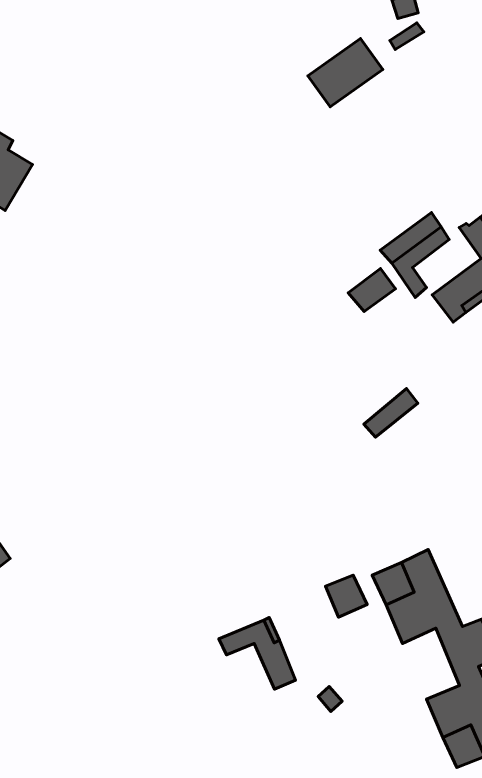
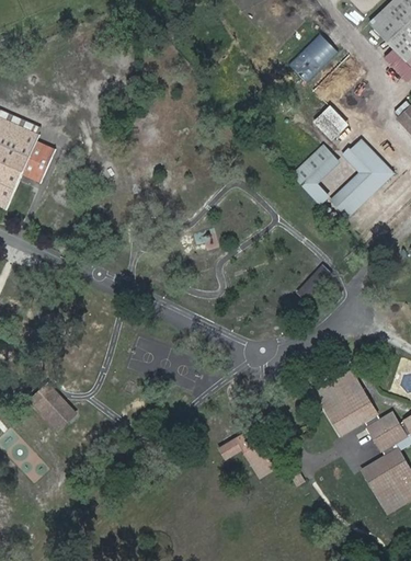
building: [308,38,383,107] -> [290,33,340,81]
building: none -> [317,105,349,137]
building: [348,268,396,311] -> none
building: [326,575,367,617] -> none

